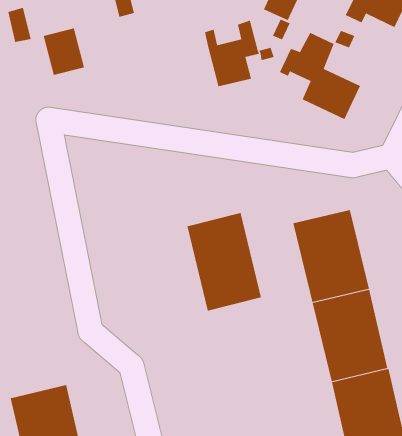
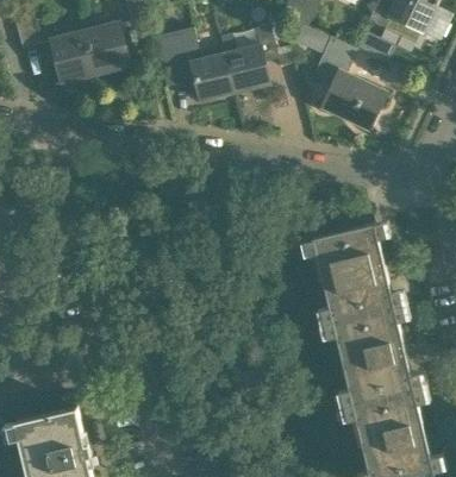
building: none -> [83,24,127,74]
building: none -> [154,30,233,103]
building: [187,212,261,311] -> none

